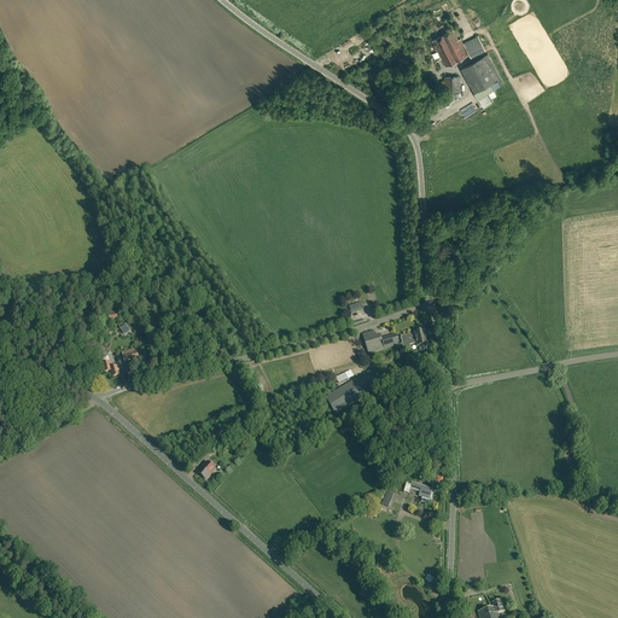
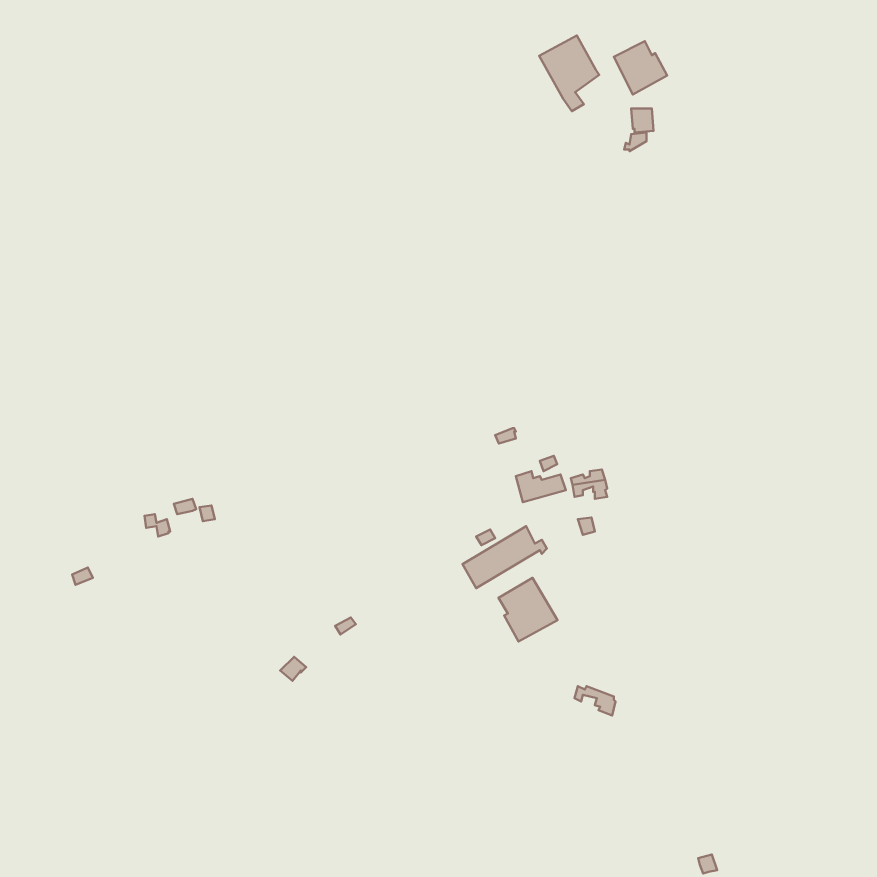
building: [460,53,502,106] -> [539,35,599,111]
building: none -> [499,578,558,641]

